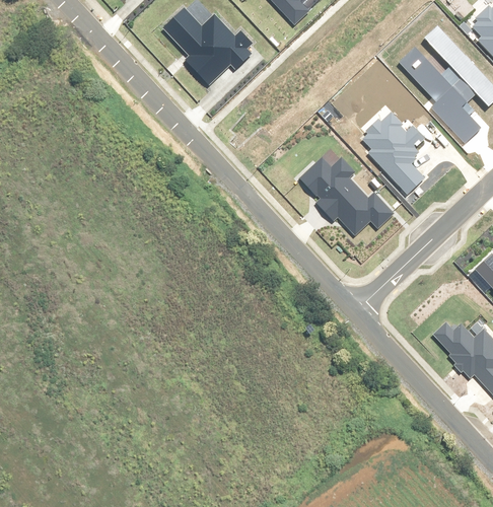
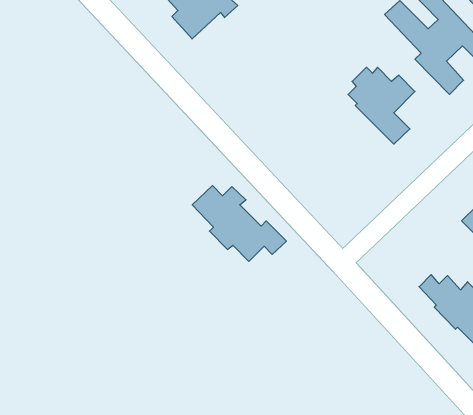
building: [299,158,394,234] -> [192,186,286,261]

